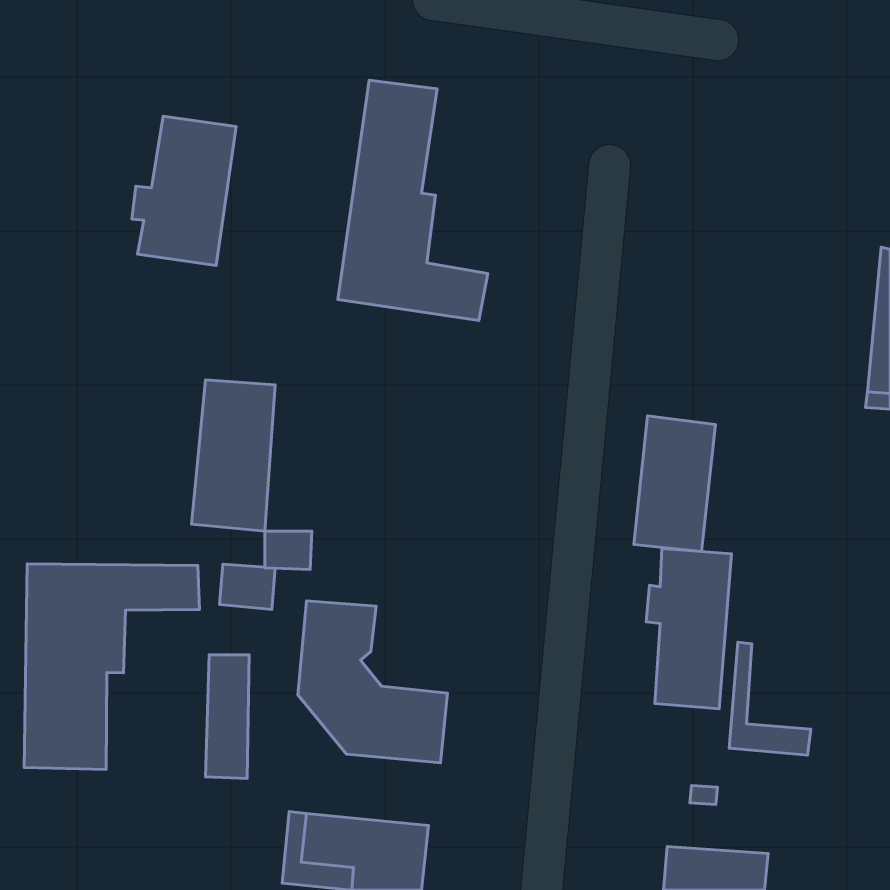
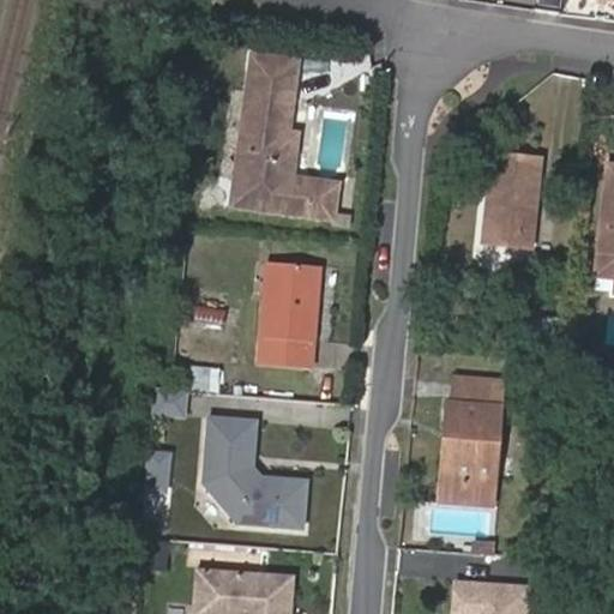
building: [132,116,236,266] -> none
building: [192,380,275,531] -> [259,264,317,368]
building: [634,416,716,552] -> [483,154,540,247]
building: [24,564,200,769] -> none
building: [729,642,811,755] -> [439,428,495,506]

